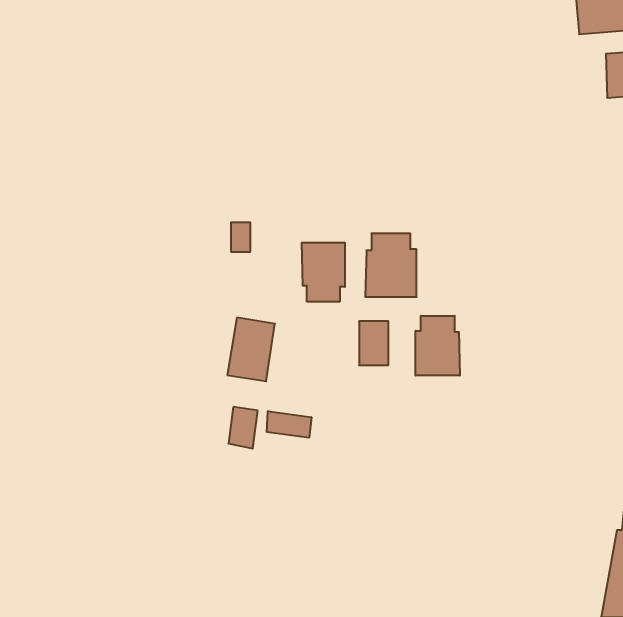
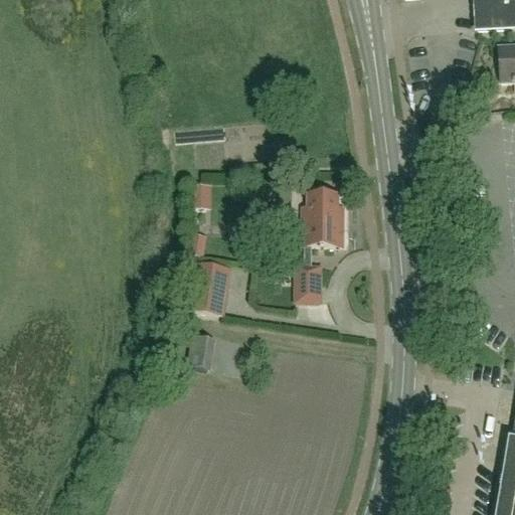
building: [302,243,345,302] -> none
building: [416,316,460,376] -> none
building: [267,411,311,438] -> none

